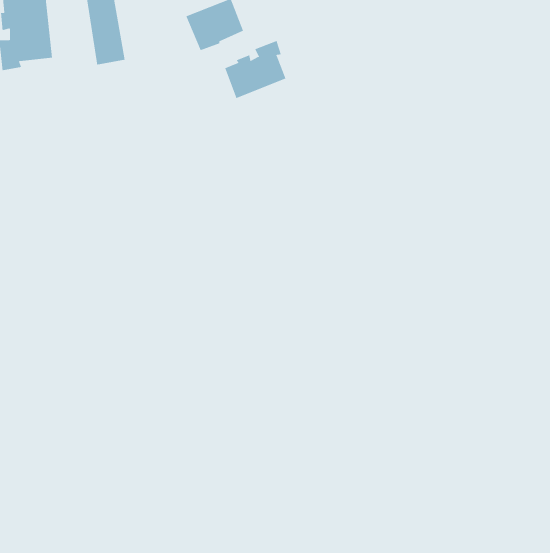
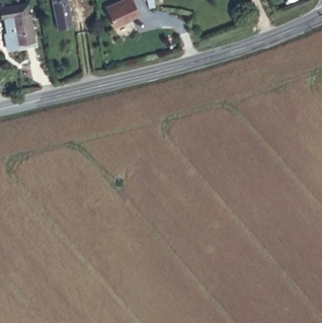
building: [224,40,286,99] -> none

